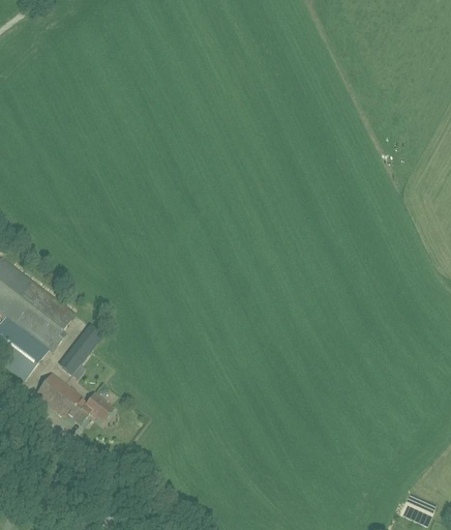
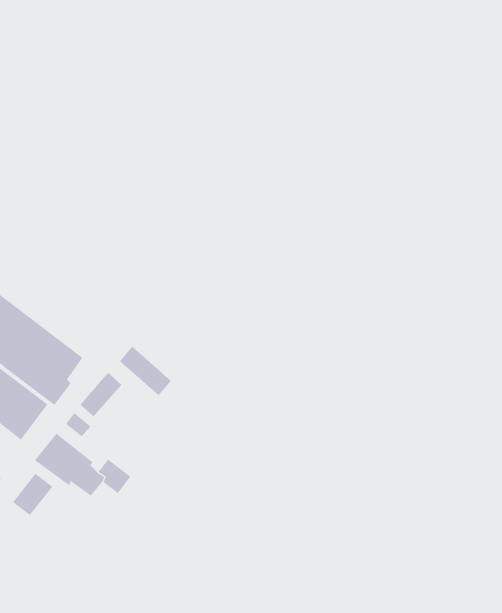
building: none -> [119,346,172,396]
building: none -> [12,473,53,516]

